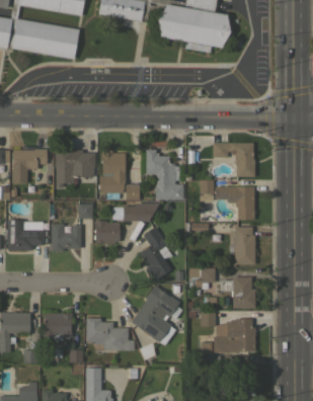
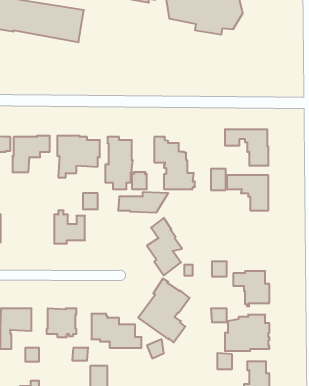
building: [8,220,45,250] -> none
building: [95,221,122,244] -> none
building: [230,227,255,264] -> none

